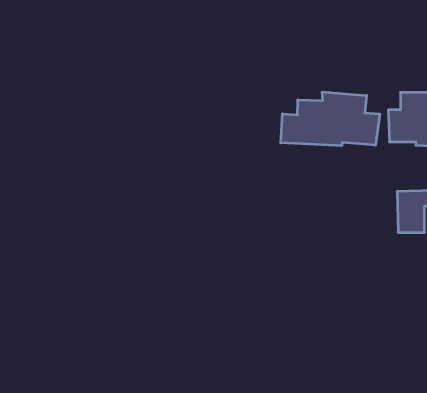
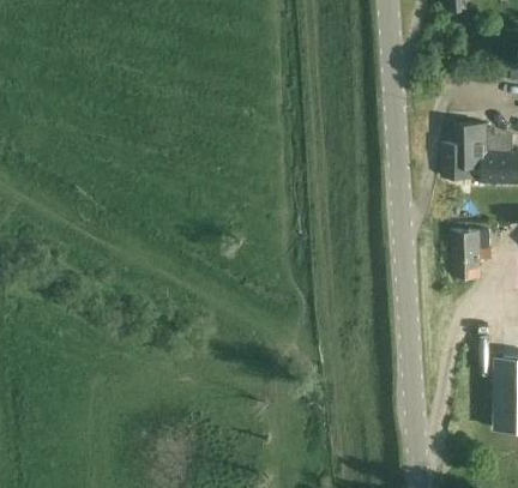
building: [281,92,380,146] -> none

